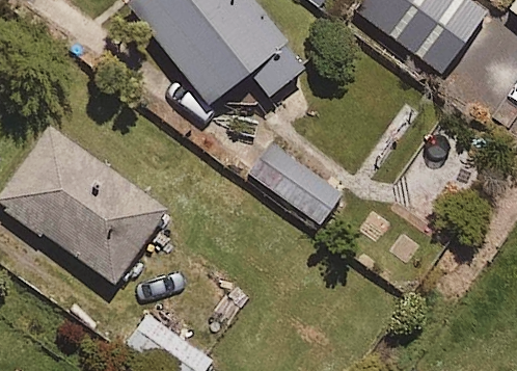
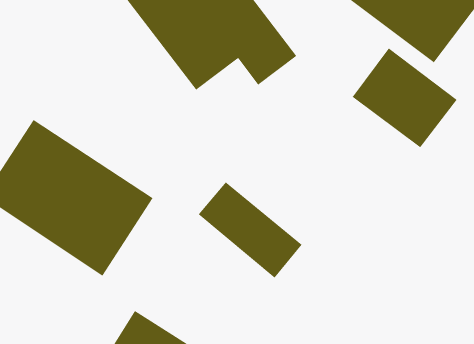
building: none -> [352,47,458,148]
building: [240,135,343,231] -> [198,182,302,279]

